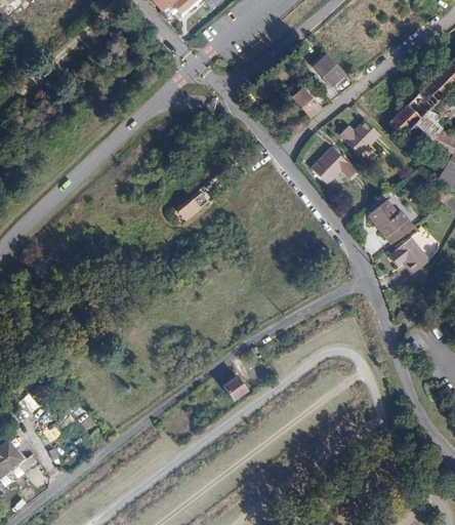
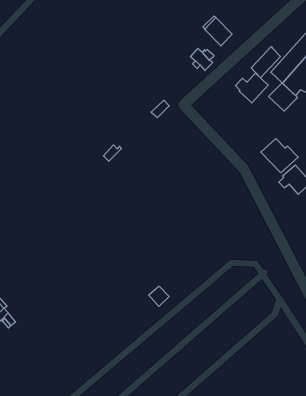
building: none -> [251,47,280,78]
building: none -> [269,83,298,111]
building: [316,150,360,186] -> none

